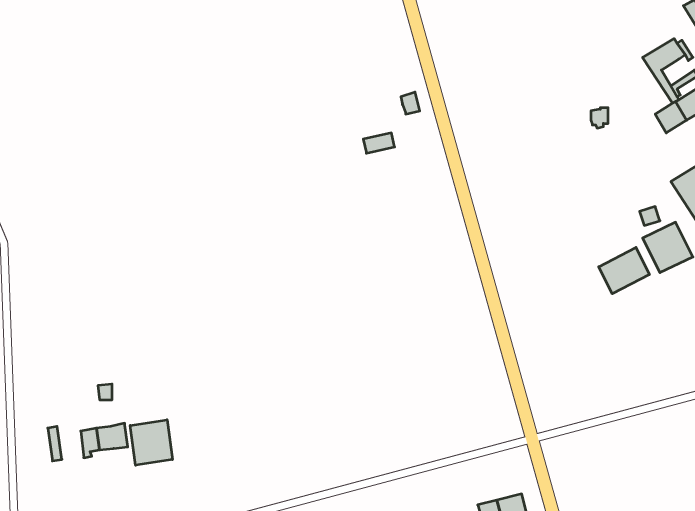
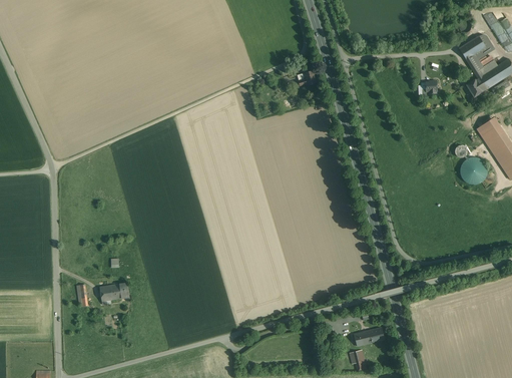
building: [599,247,649,294] -> none
building: [130,420,172,465] -> none

